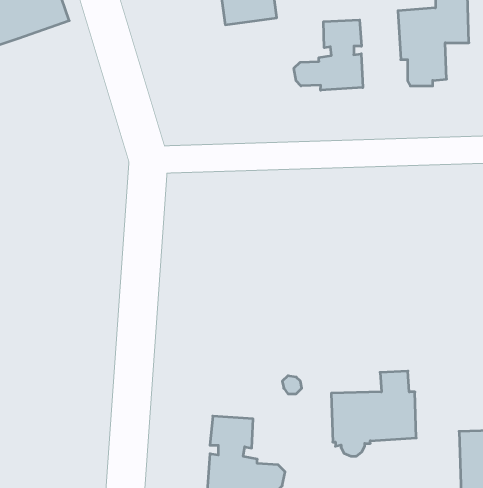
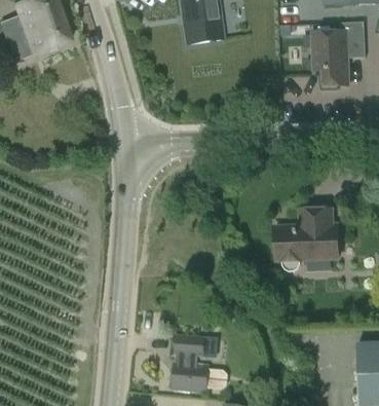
building: [294,20,363,90] -> none
building: [331,371,416,456] -> [275,208,338,270]

